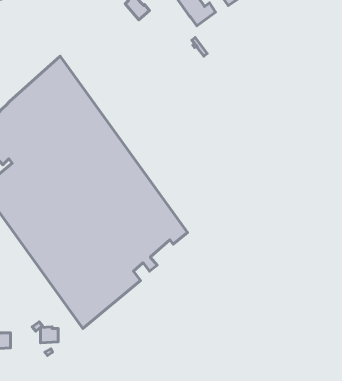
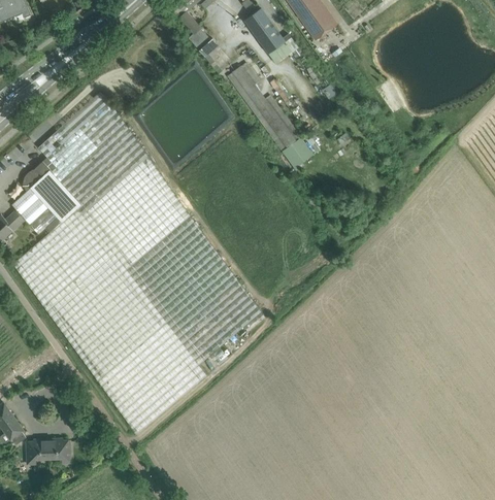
building: none -> [227,62,312,167]
building: [40,327,58,343] -> [48,438,70,458]

